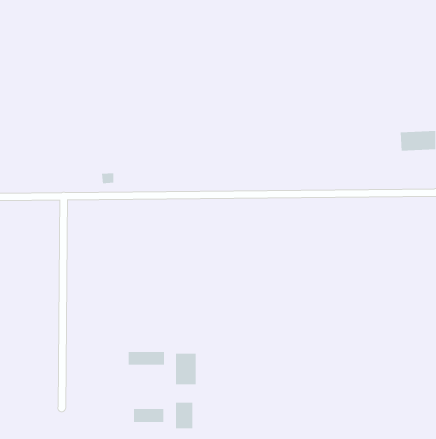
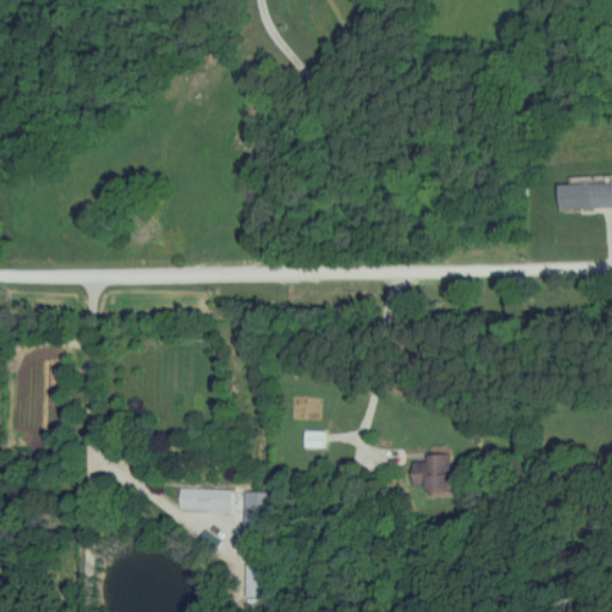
building: none -> [411,457,451,491]
building: [134,408,164,423] -> none

